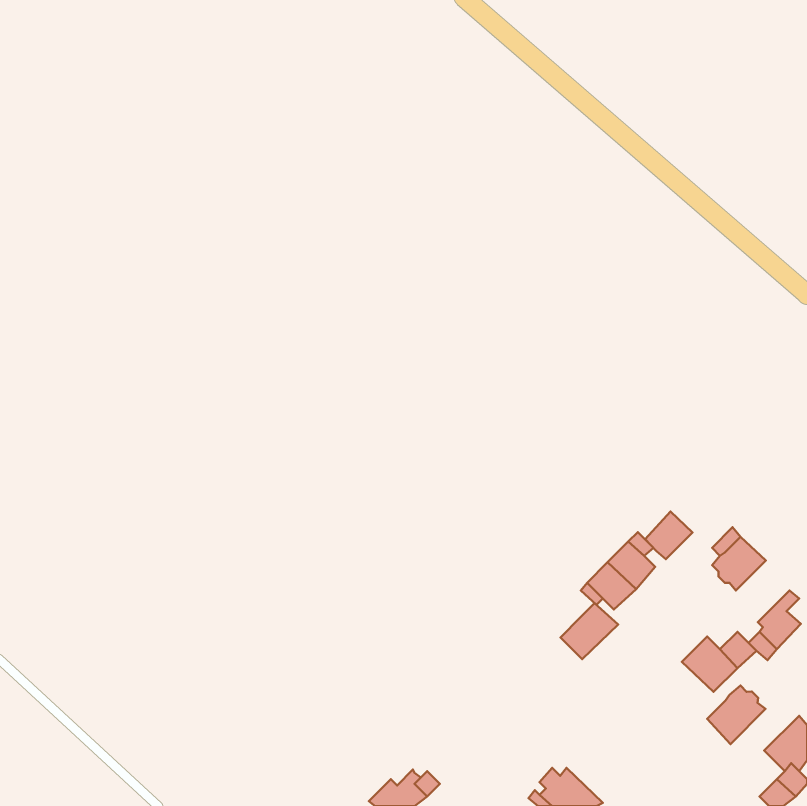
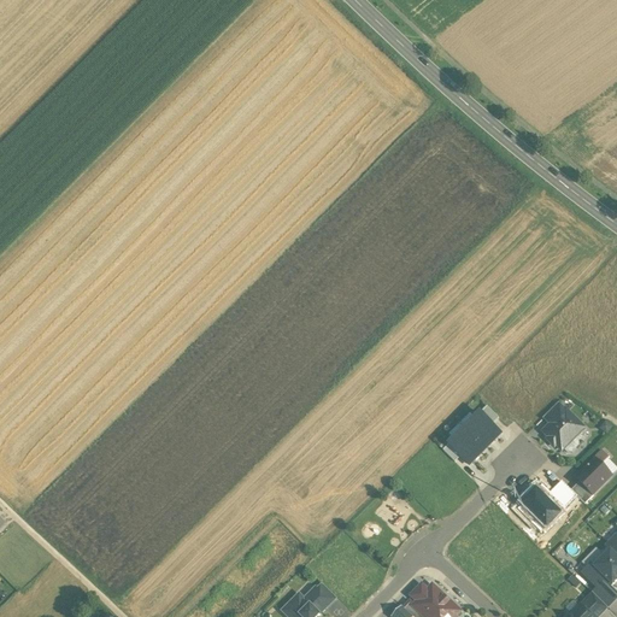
building: [645,511,693,559] -> none
building: [560,603,618,659] -> none
building: [707,686,766,744] -> none

